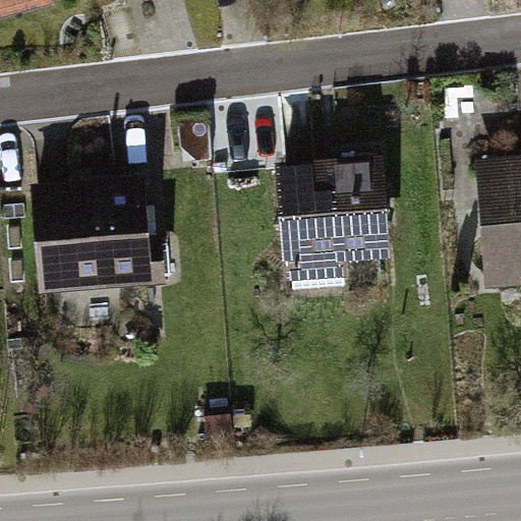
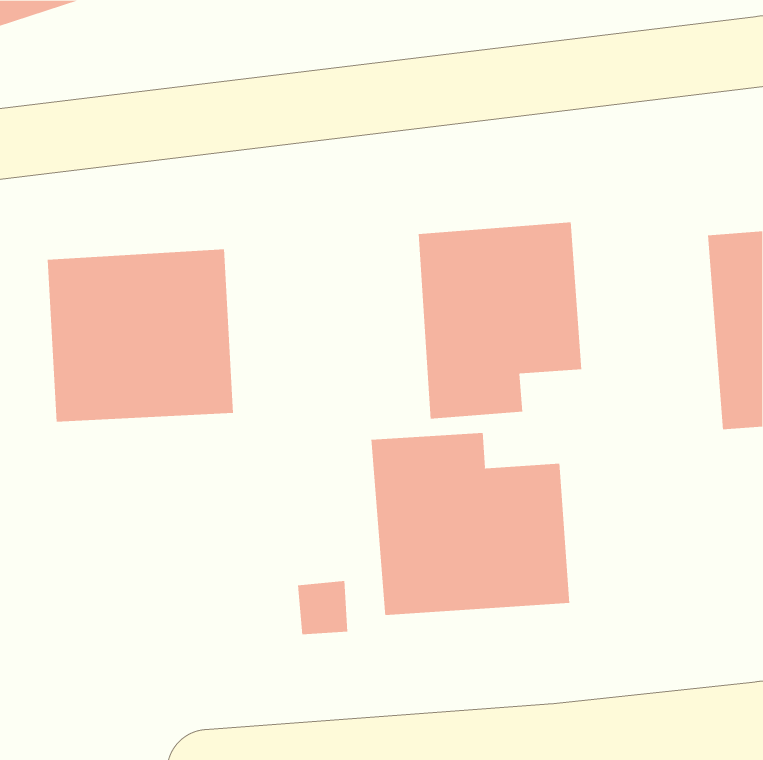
building: none -> [371,432,570,616]

